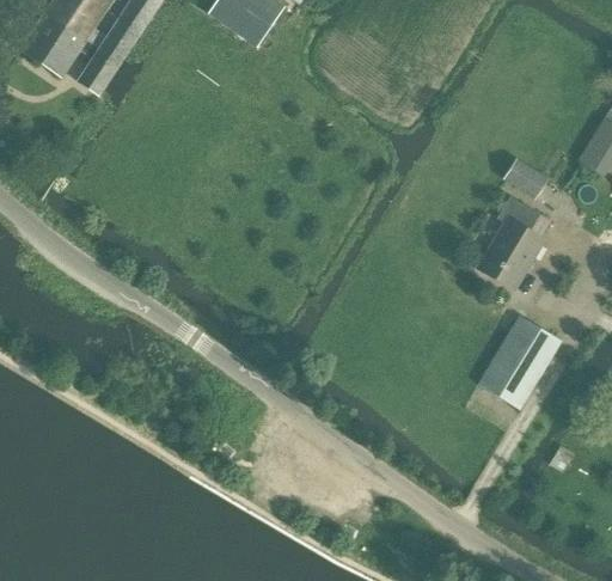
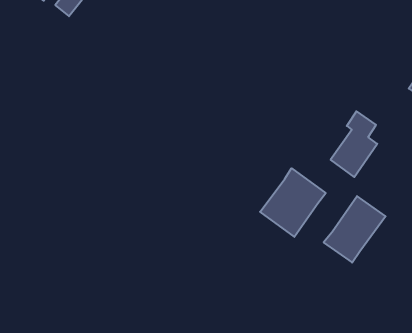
building: [506,160,545,196] -> none
building: none -> [260,168,326,237]

